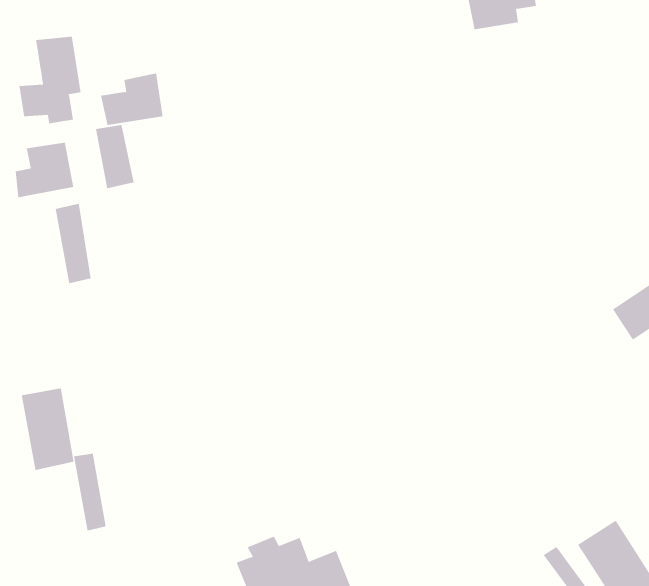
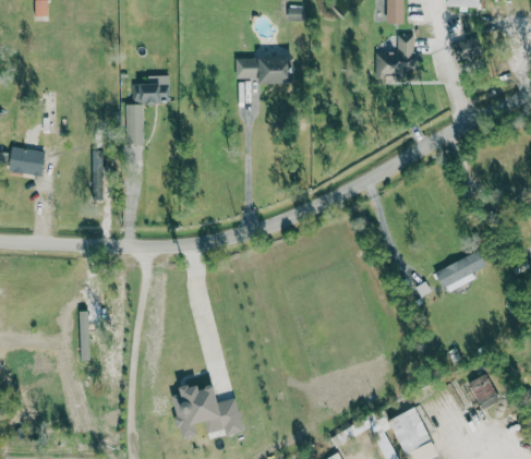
building: none -> [234,57,292,84]
building: [19,36,81,124] -> none
building: [15,142,74,198] -> none
building: [21,388,74,471] -> none

